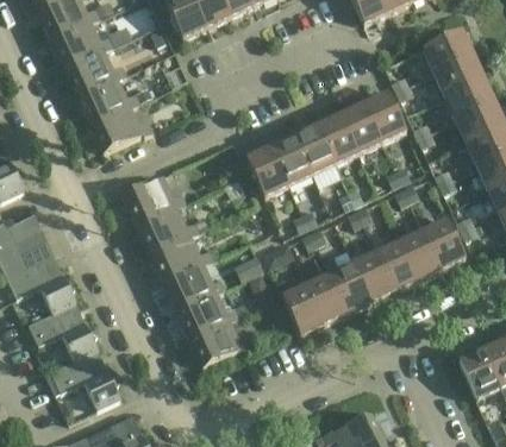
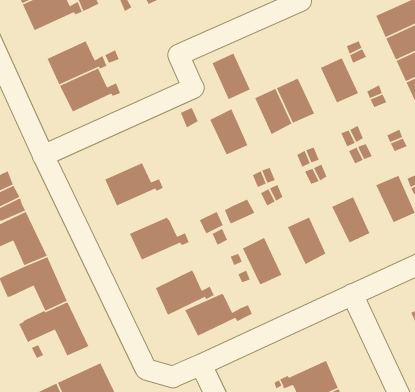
building: [63,46,127,94] -> none
building: [342,103,382,152] -> none
building: [271,136,313,185] -> [211,53,251,100]
building: [124,174,187,221] -> none
building: [400,227,442,278] -> none
building: [150,232,214,278] -> none
building: [354,250,395,300] -> none
building: [306,271,349,322] -> none
building: [176,289,249,335] -> [184,293,253,337]

